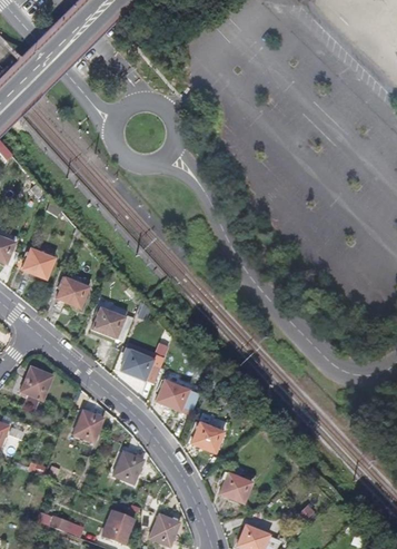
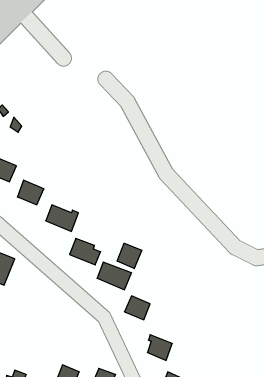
building: none -> [117,243,142,269]
building: [72,409,103,442] -> none
building: [113,451,143,483] -> none

